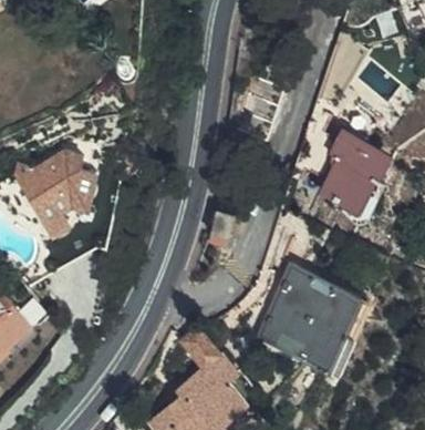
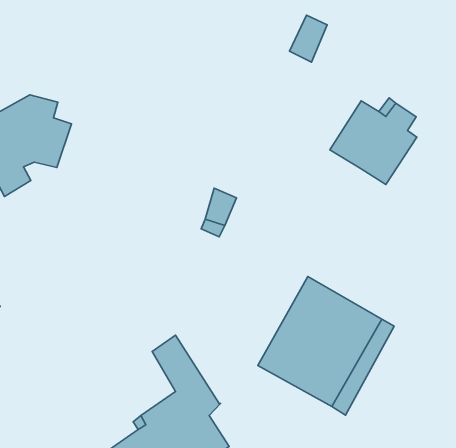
building: [318,139,383,212] -> none

